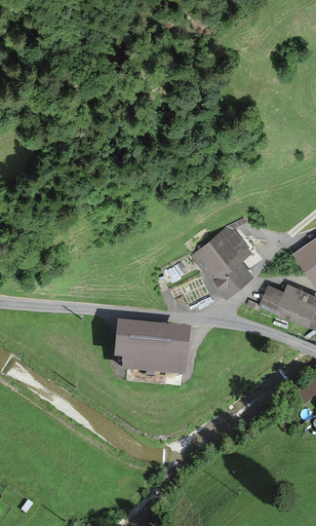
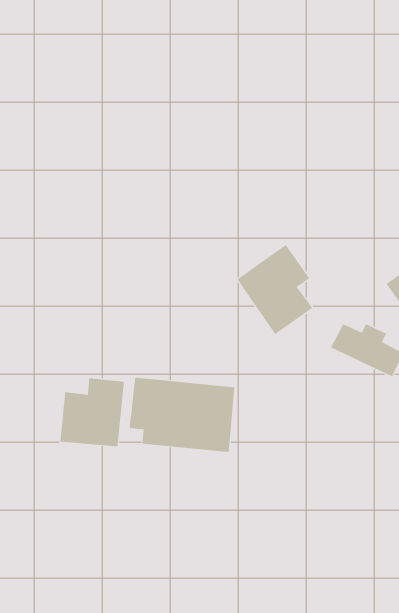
building: none -> [60,378,125,447]

